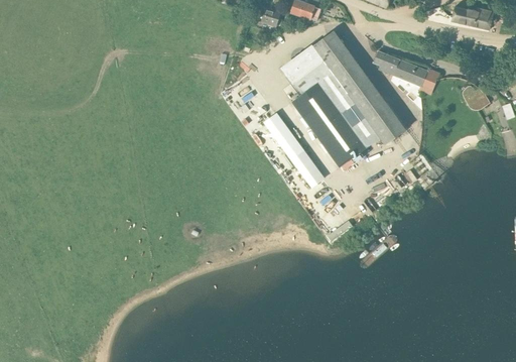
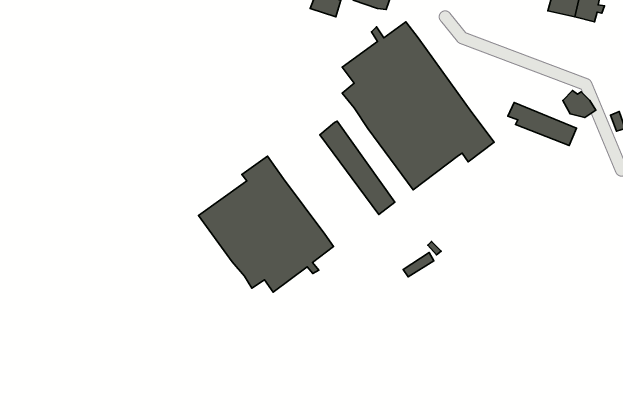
building: [372,50,428,86] -> [508,103,577,145]
building: none -> [199,156,333,292]

